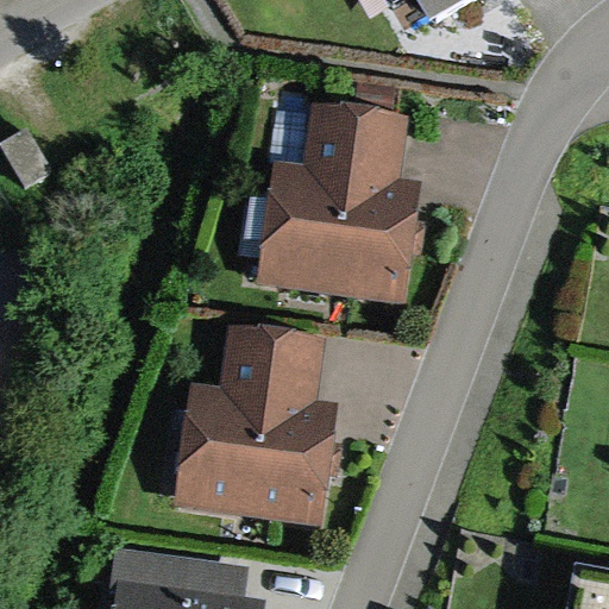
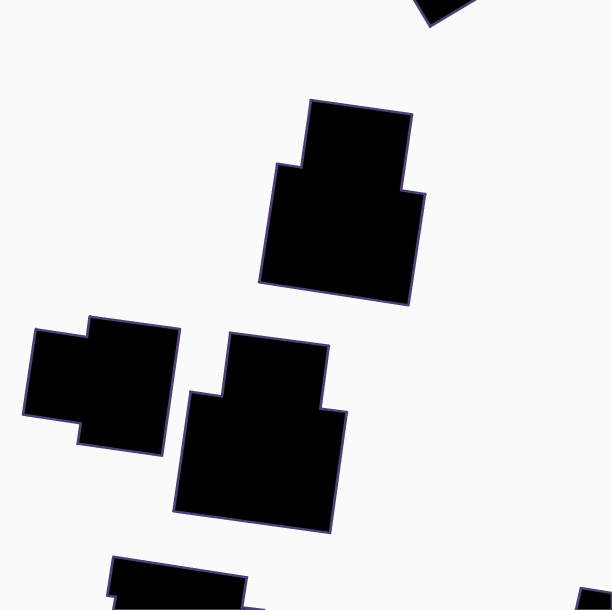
building: none -> [23,316,180,456]

